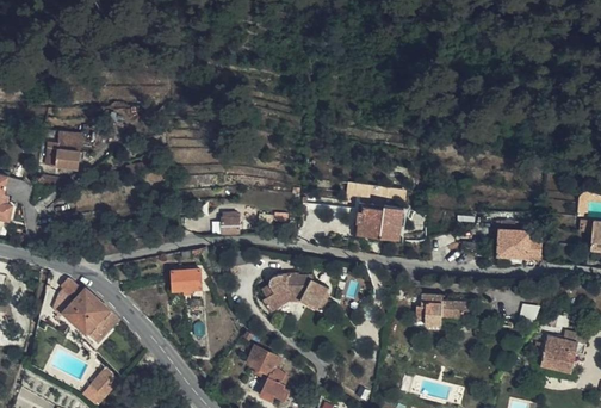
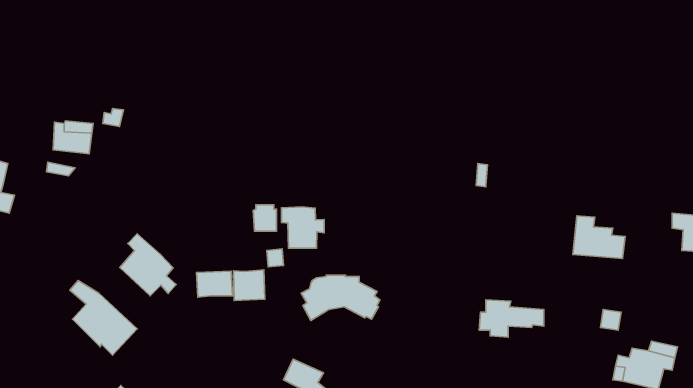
building: [357,206,403,241] -> none
building: none -> [282,207,324,248]
building: none -> [120,234,176,296]
building: none -> [233,270,265,301]

